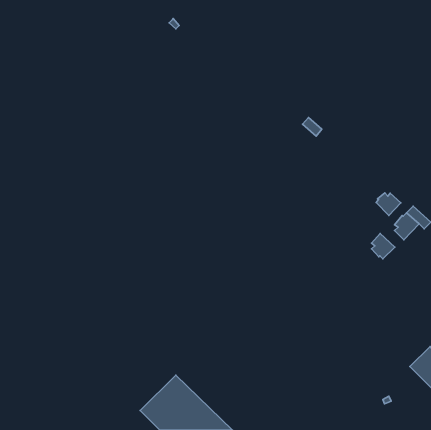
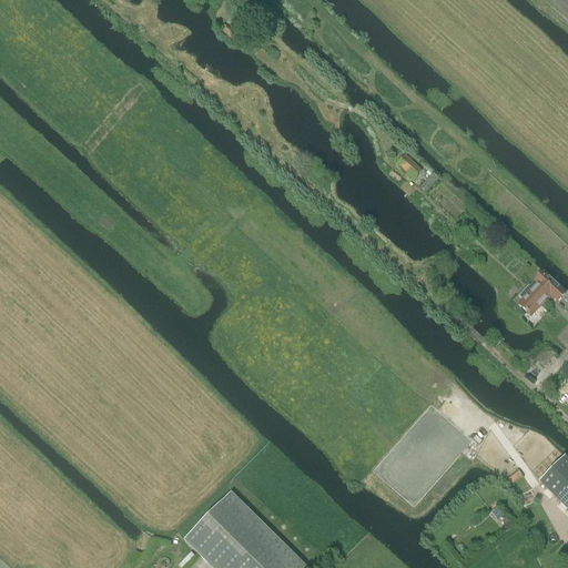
building: [376,193,401,215] -> none
building: [372,233,395,259] -> none

